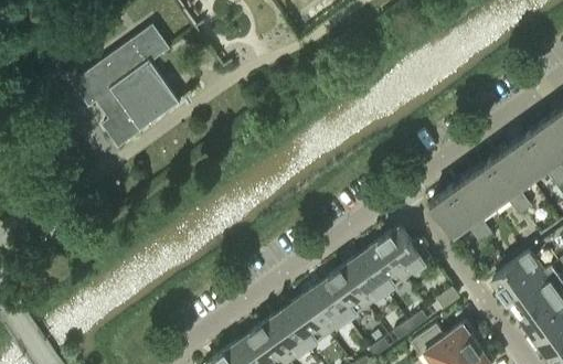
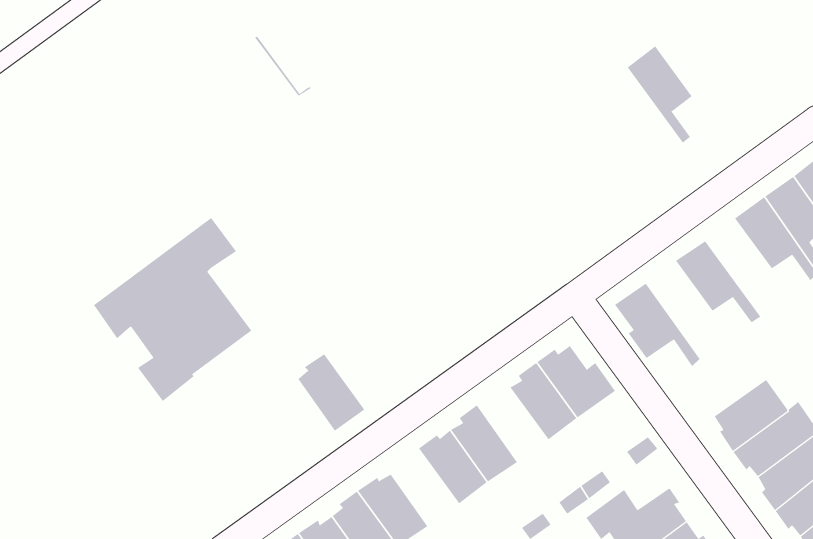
building: [73,24,177,144] -> [93,217,252,402]
building: [490,146,533,210] -> [627,45,693,144]
building: [452,173,495,237] -> none
building: [341,256,387,304] -> none
building: [285,296,329,346] -> [297,354,365,431]

